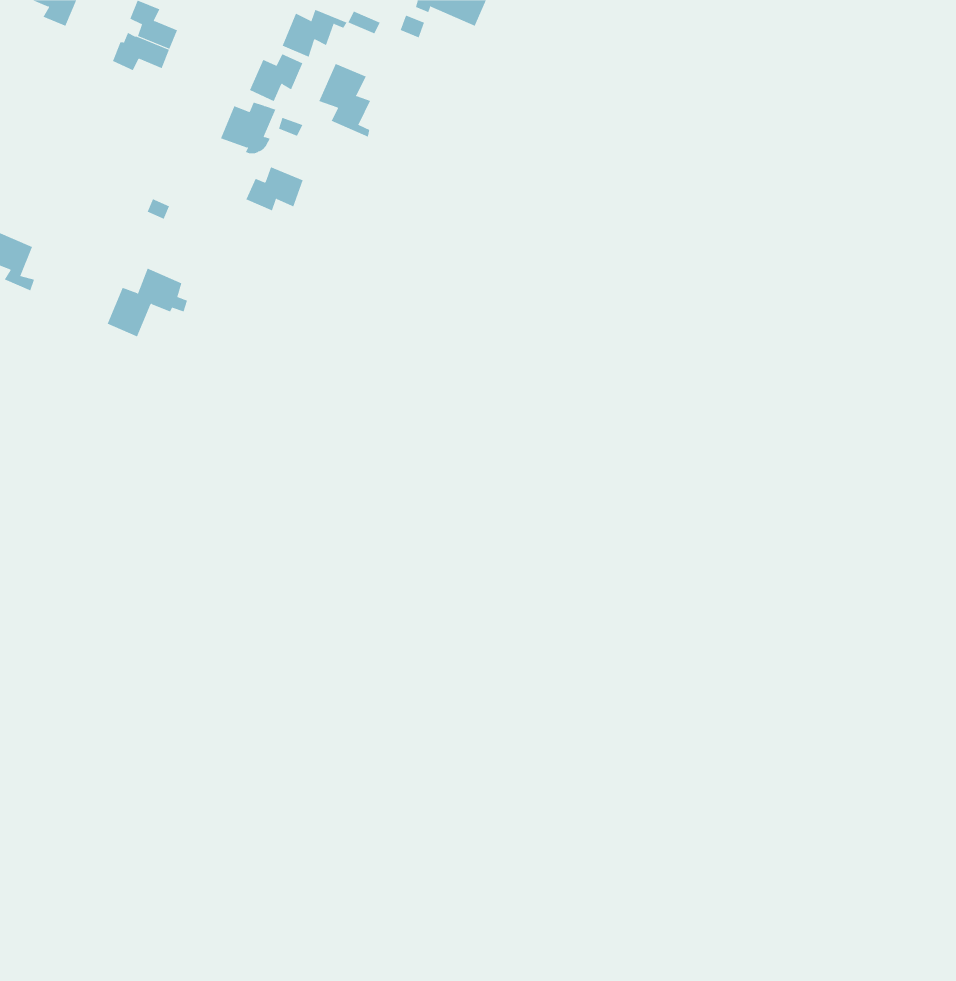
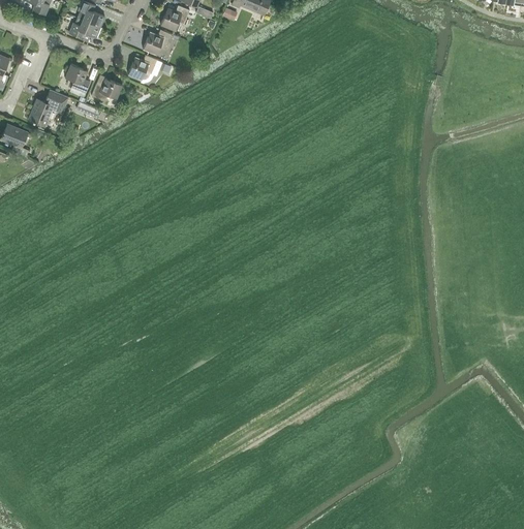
building: [319,63,371,137] -> none
building: none -> [65,64,90,93]
building: [245,167,303,211] -> [91,77,122,101]
building: [107,268,188,337] -> [28,89,71,126]

